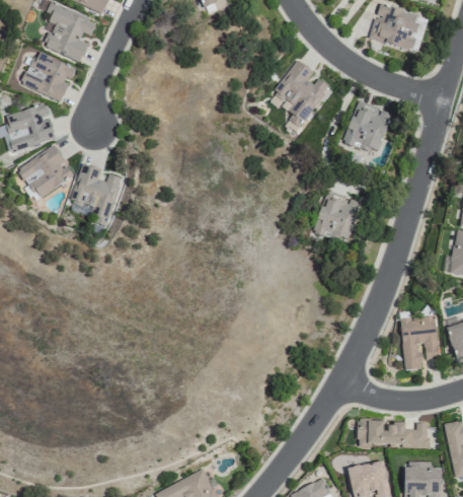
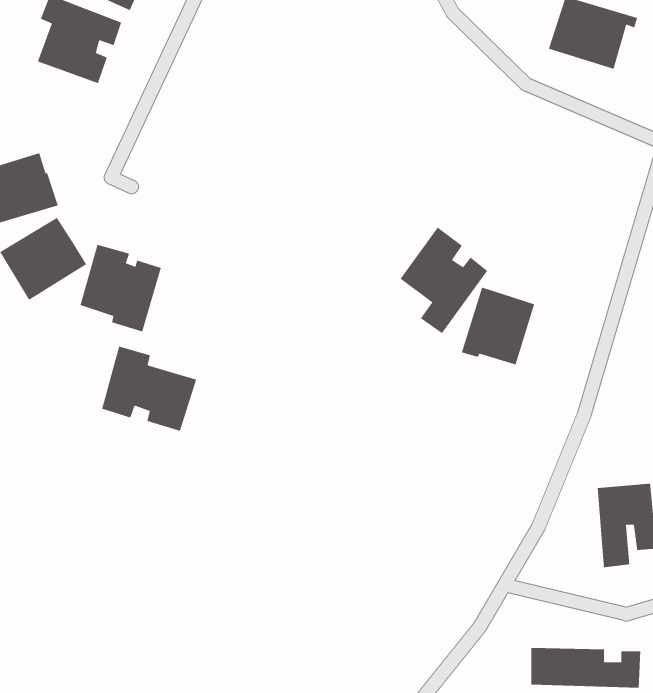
building: [23,51,77,100] -> none
building: [274,59,330,128] -> [399,227,488,334]
building: [343,101,392,153] -> none
building: none -> [101,345,197,432]

